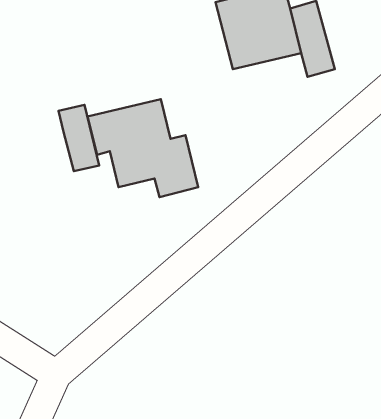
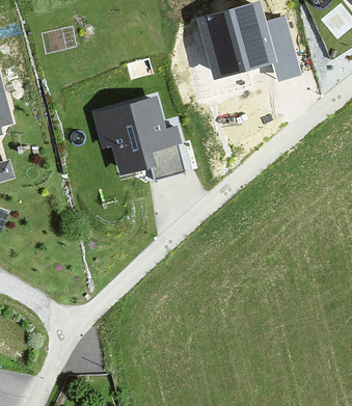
building: [58,105,99,171] -> none

